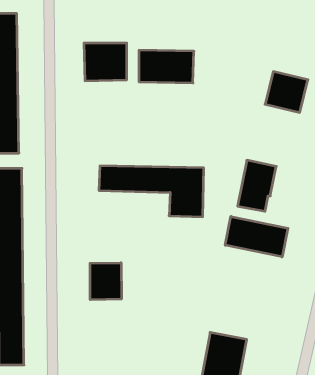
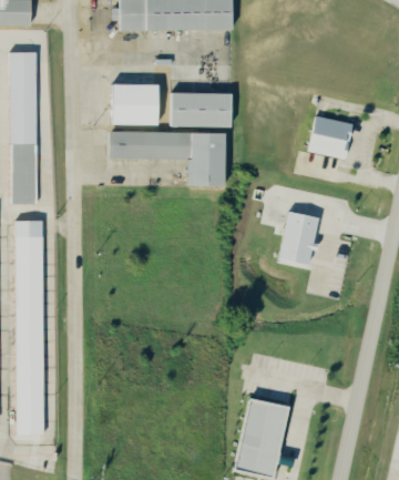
building: [99,166,204,217] -> [109,131,223,186]
building: [225,216,288,257] -> none
building: [90,263,121,300] -> none

